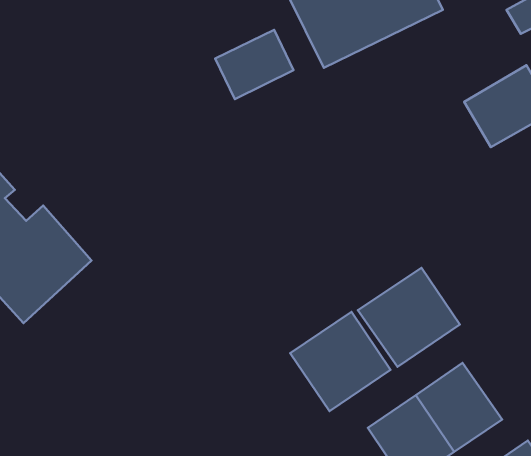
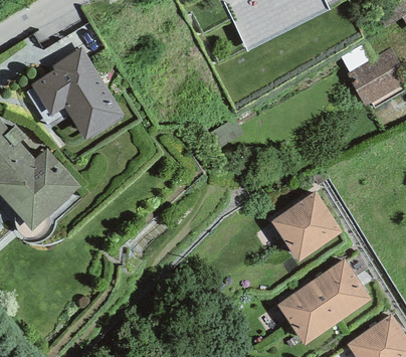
building: [215,30,294,99] -> none
building: none -> [30,47,125,140]
building: [290,312,391,411] -> none

